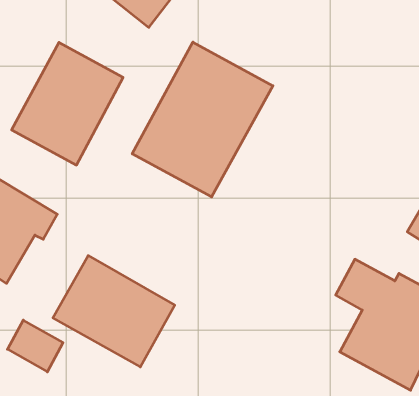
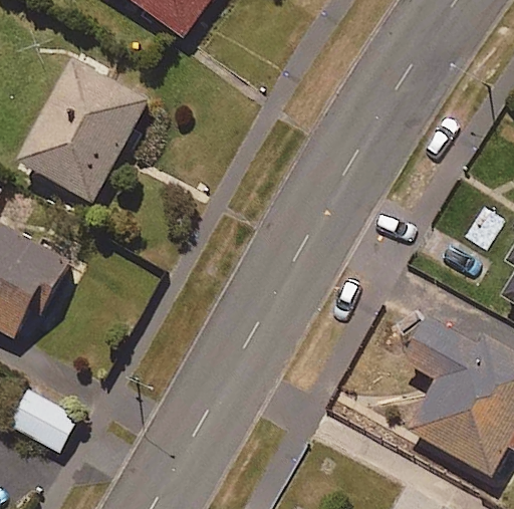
building: [132,42,273,197] -> none
building: [53,256,175,367] -> none

